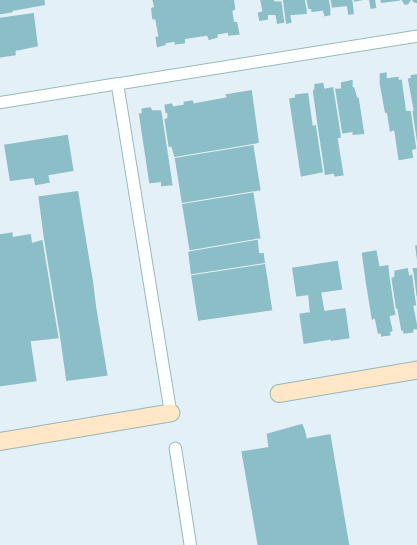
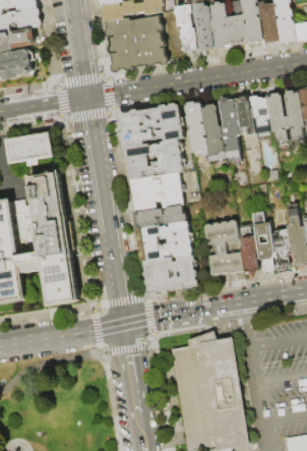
building: none -> [248,94,267,125]
building: [138,107,174,187] -> [183,100,207,155]
building: none -> [239,226,258,273]
building: none -> [140,252,195,293]

